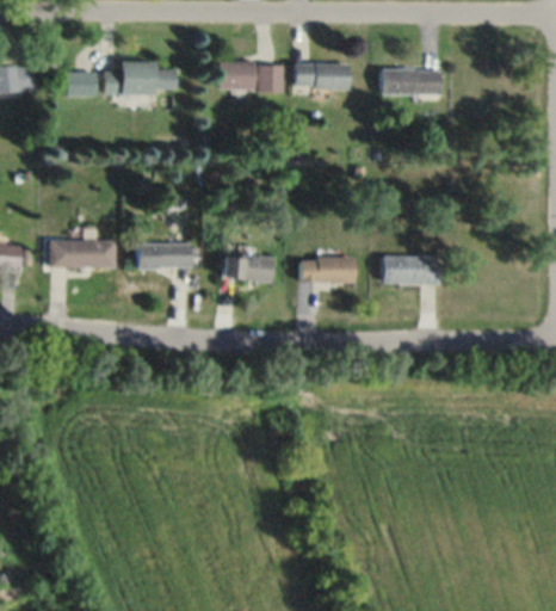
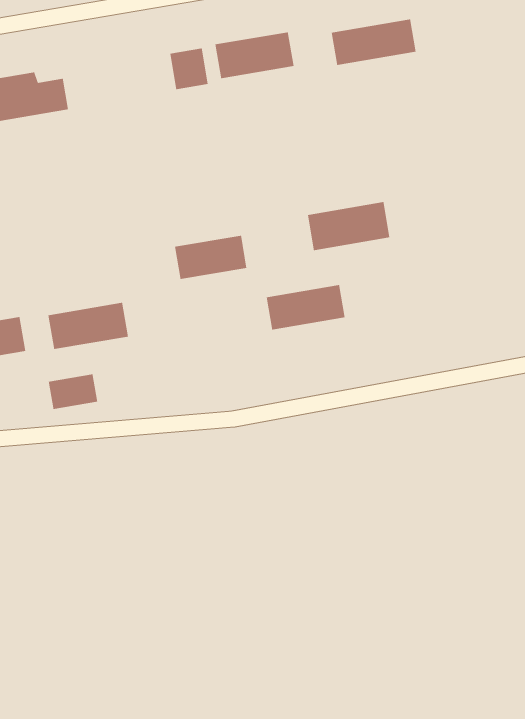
building: [218,63,255,90] -> none
building: [222,255,273,280] -> [174,235,247,280]
building: [382,257,440,284] -> [307,202,390,251]
building: none -> [48,373,98,410]

